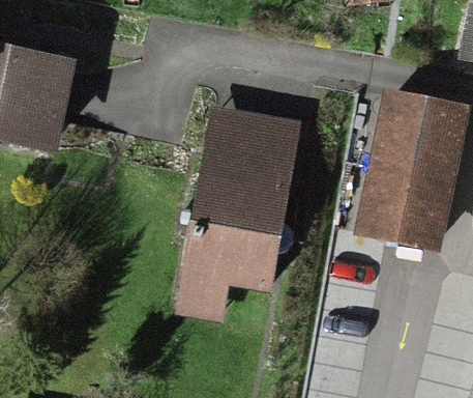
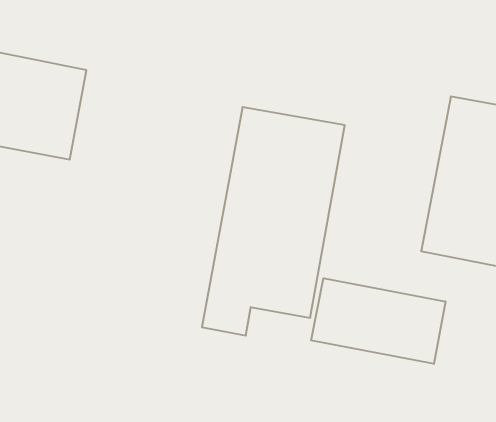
building: none -> [311,278,445,364]

